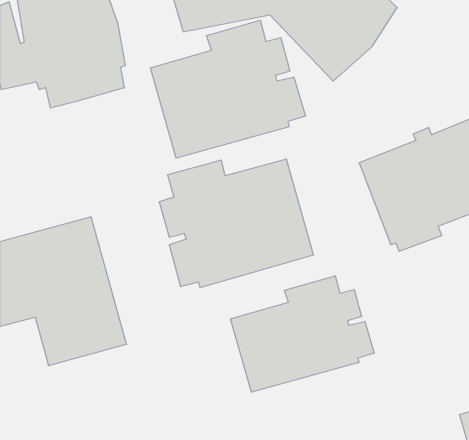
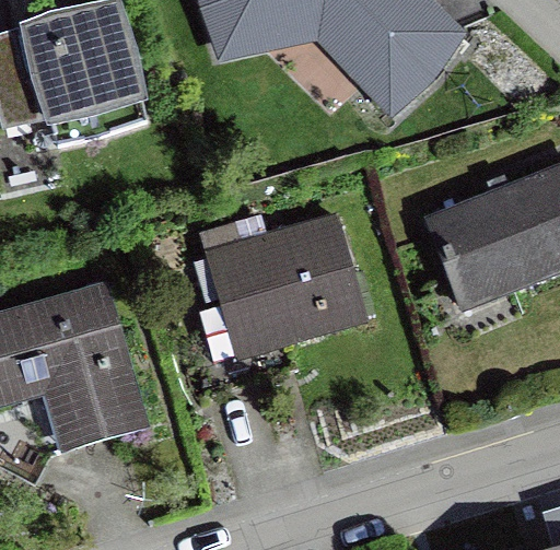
building: [151,20,305,158] -> none
building: [231,276,374,392] -> none

